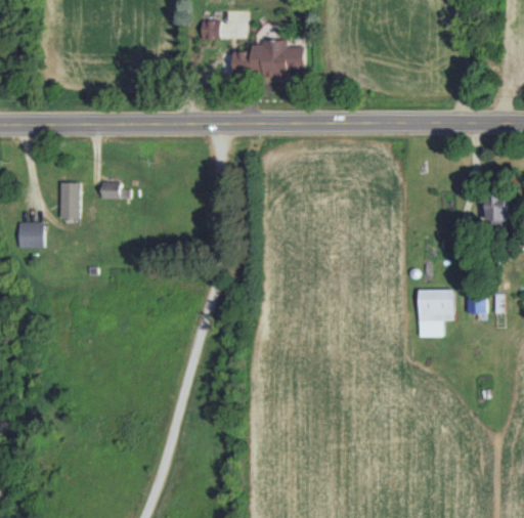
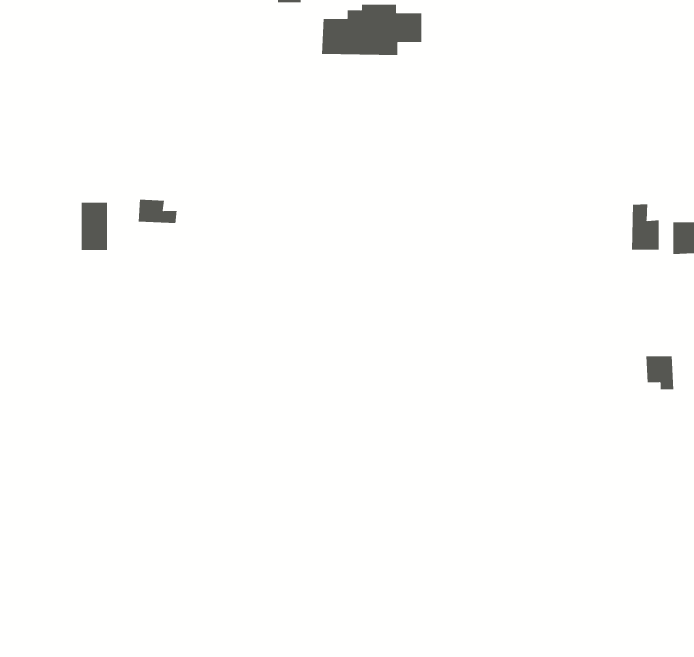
building: none -> [632,203,659,251]
building: [18,222,43,248] -> none
building: [418,290,453,337] -> none

